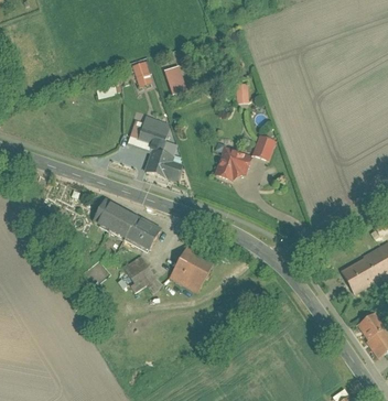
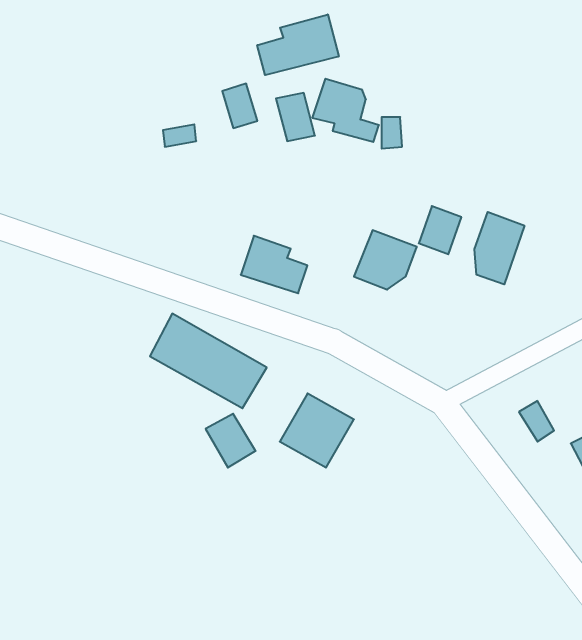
building: none -> [257,14,339,75]
building: [140,117,180,154] -> [312,79,379,142]
building: none -> [474,212,524,284]

